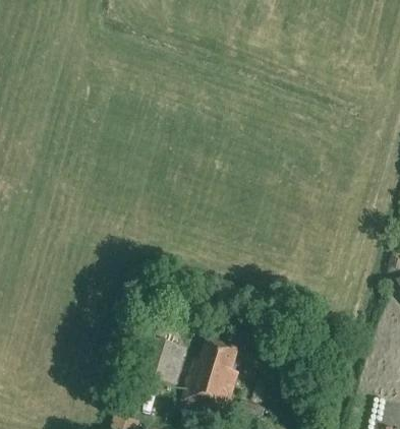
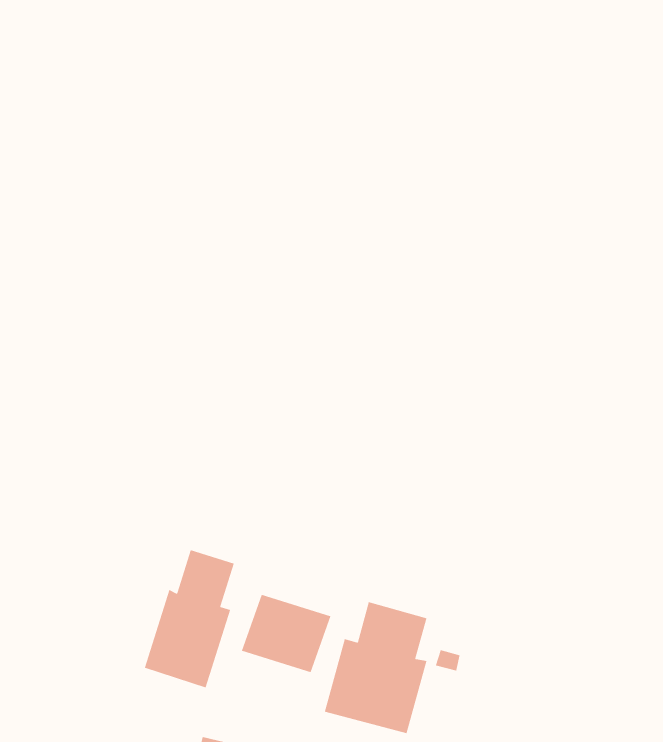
building: none -> [144,549,235,688]

